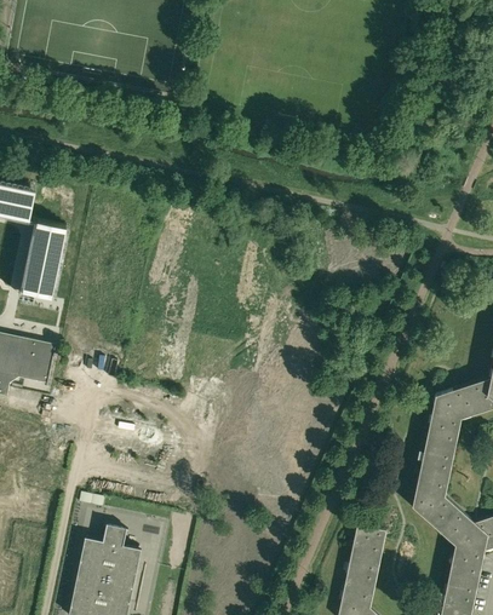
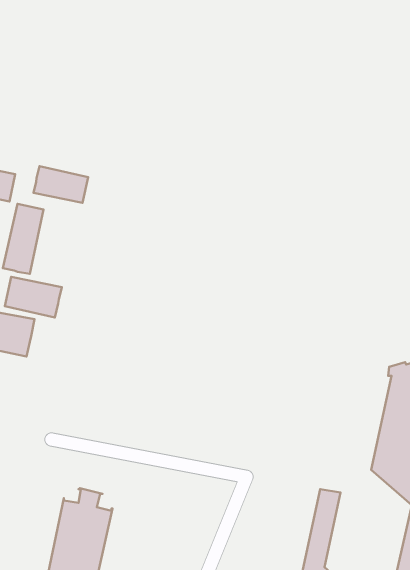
building: none -> [34,166,88,203]
building: none -> [5,277,62,317]

